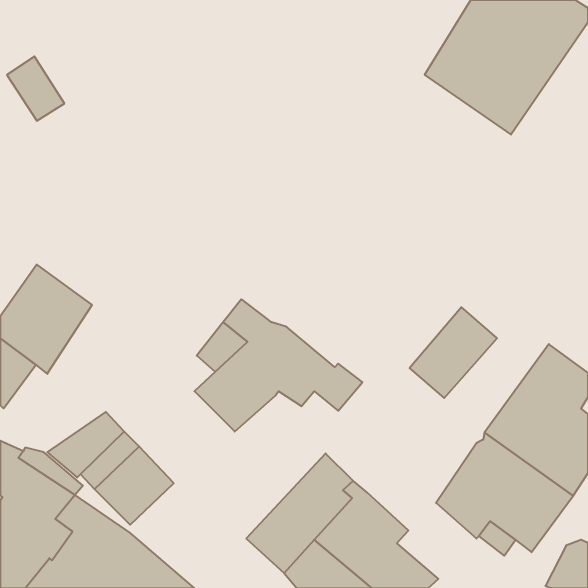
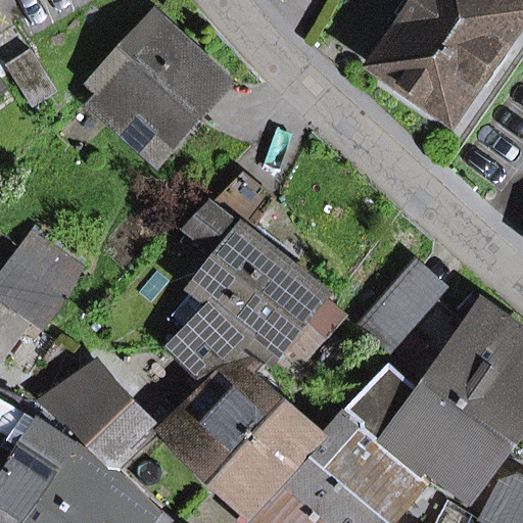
building: none -> [100,21,225,145]
building: none -> [188,178,344,339]
building: none -> [177,351,289,478]
building: none -> [326,364,423,514]

